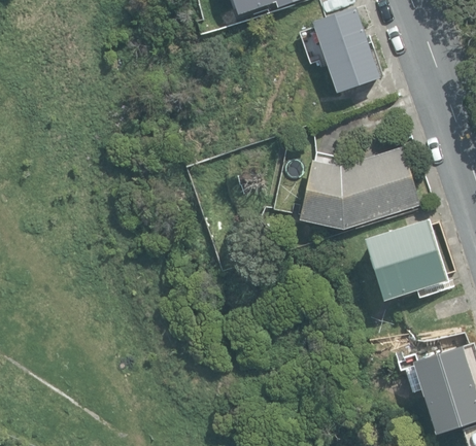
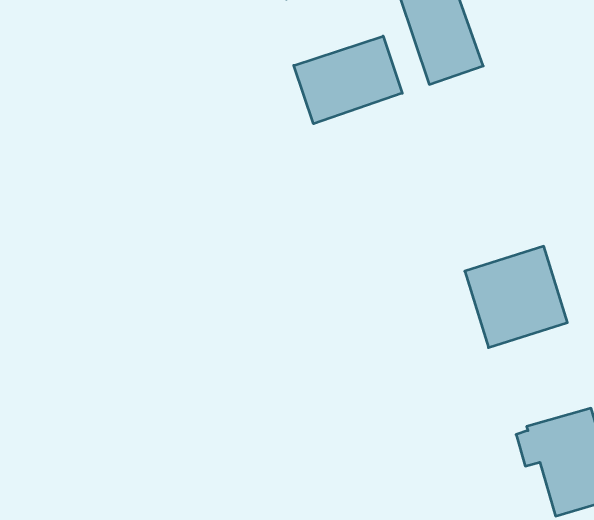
building: none -> [294,36,402,124]
building: [300,146,420,229] -> none

